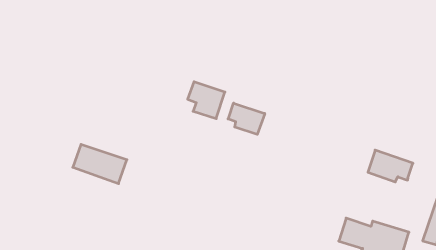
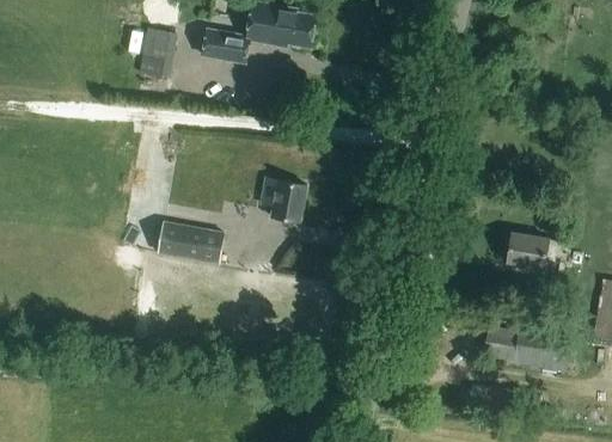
building: [228,103,265,134] -> none
building: [73,144,127,184] -> [157,222,225,265]

